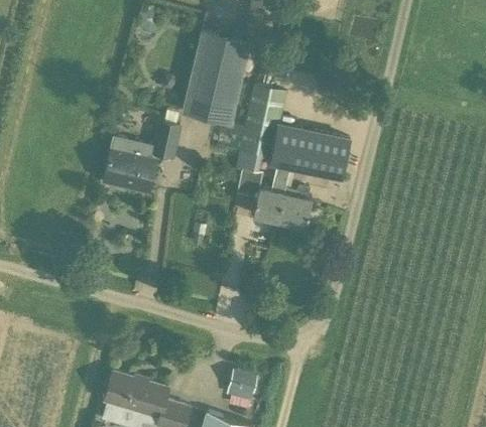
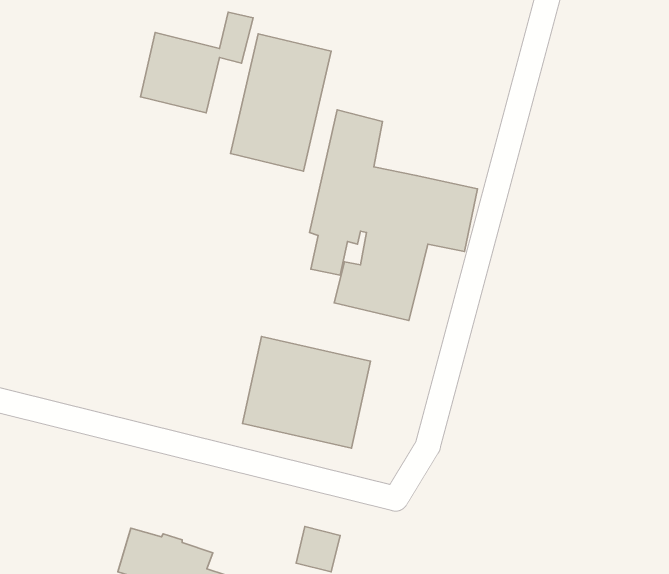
building: [104,124,181,193] -> [140,12,253,113]
building: none -> [242,337,371,448]

